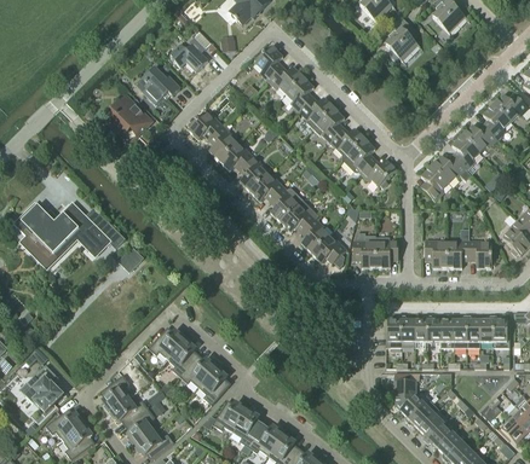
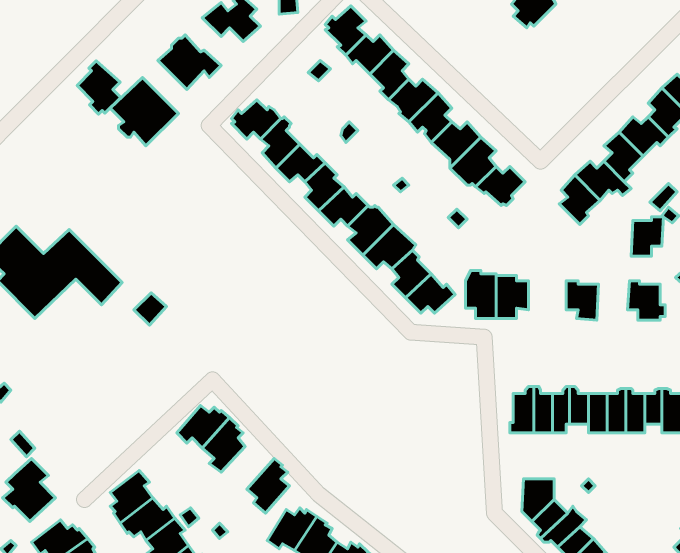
building: none -> [77,61,121,114]
building: [447,240,469,268] -> [631,217,664,256]
building: [180,358,218,388] -> none

